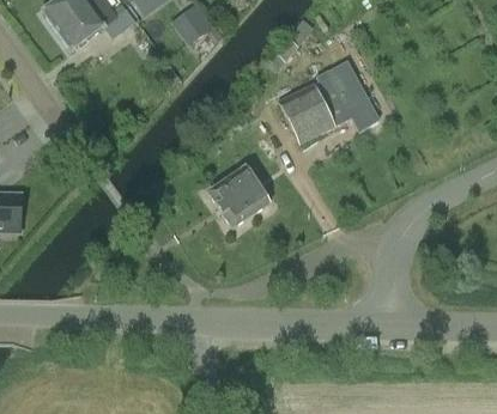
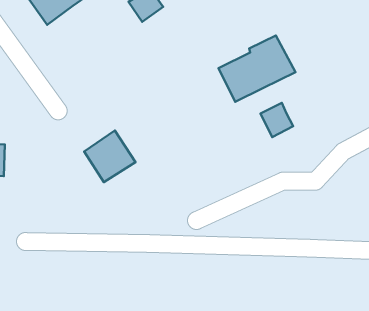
building: none -> [260,103,293,137]
building: [207,164,269,226] -> [84,131,136,182]

